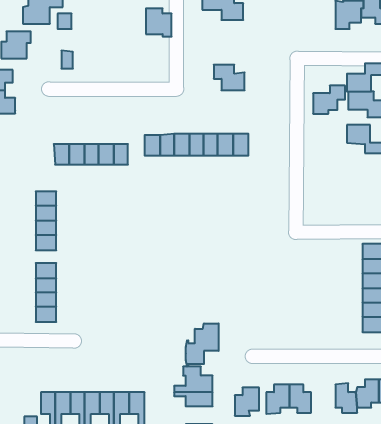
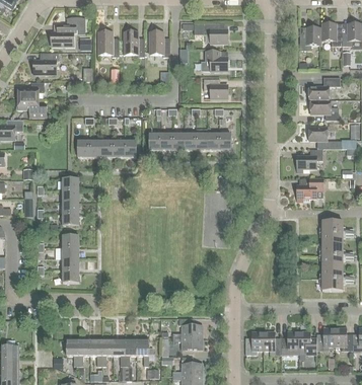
building: none -> [98,33,118,56]
building: none -> [124,33,143,56]
building: none -> [200,51,227,70]
building: [313,86,345,114] -> [296,149,321,171]
building: none -> [296,178,321,201]
building: [186,323,219,367] -> none
building: [235,388,259,416] -> [280,331,299,354]

